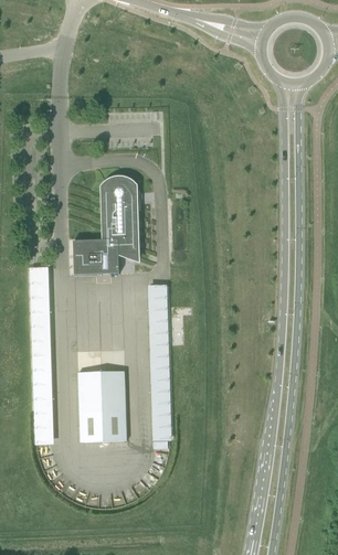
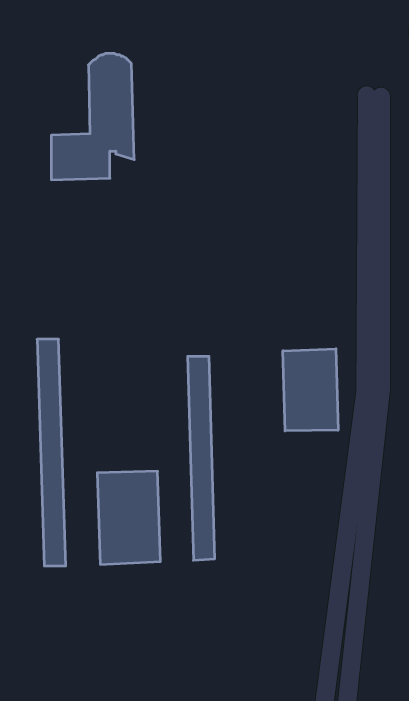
building: [74,178,138,275] -> [51,53,134,180]
building: none -> [283,349,338,431]

